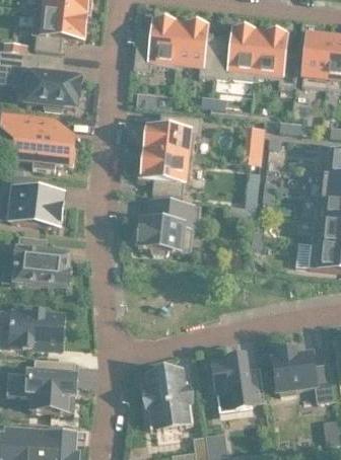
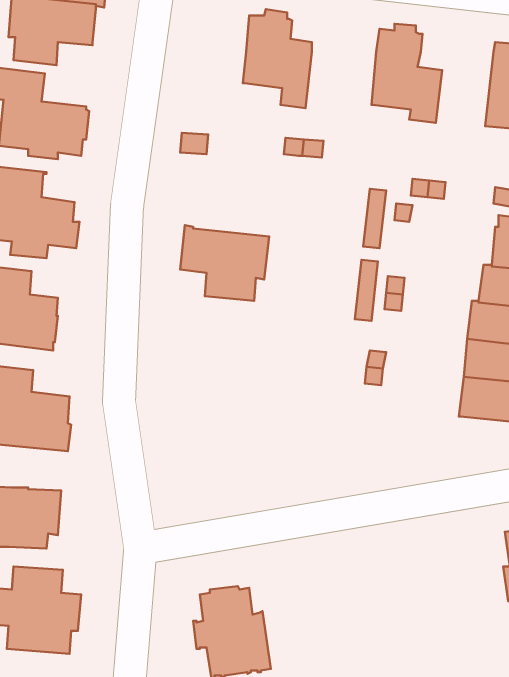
building: [133,17,180,70] -> none
building: [214,21,260,80] -> none
building: [301,33,330,88] -> none
building: [145,112,201,156] -> none
building: [134,200,200,254] -> none
building: [271,348,332,401] -> none
building: [212,356,264,411] -> none

